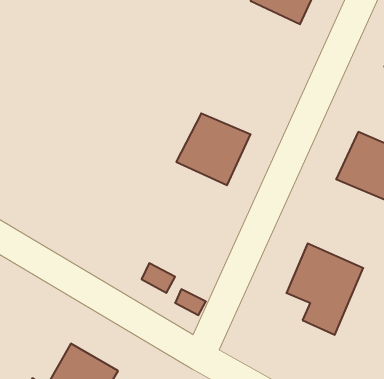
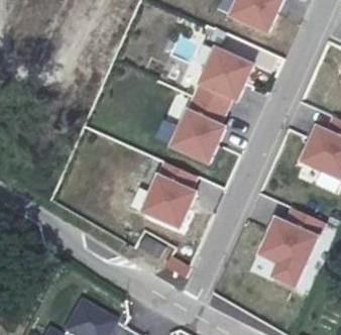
building: none -> [197,43,256,103]
building: none -> [140,172,199,229]

